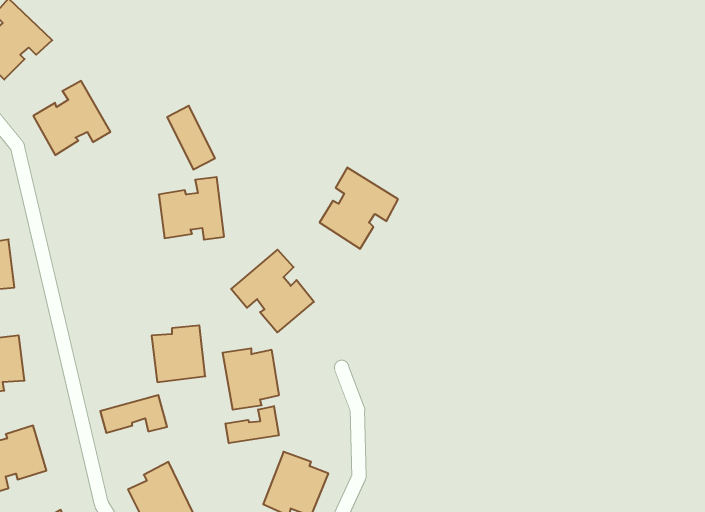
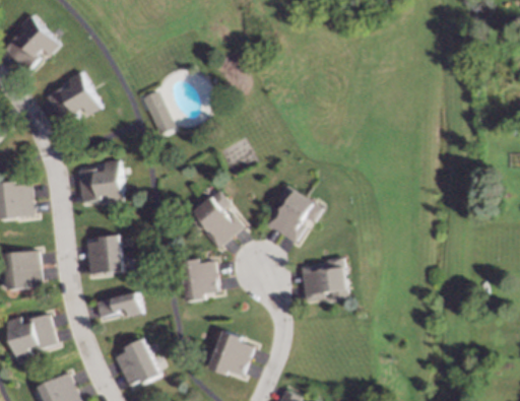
building: [320,167,398,249] -> [267,185,322,242]
building: [159,177,224,240] -> [78,159,124,203]
building: [152,325,205,382] -> [85,236,123,275]
building: none -> [301,257,349,302]
building: [226,406,279,443] -> none

